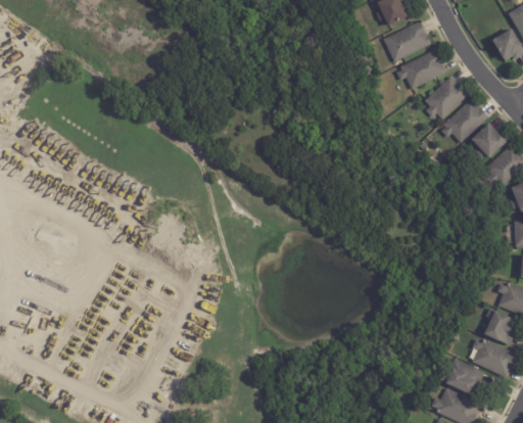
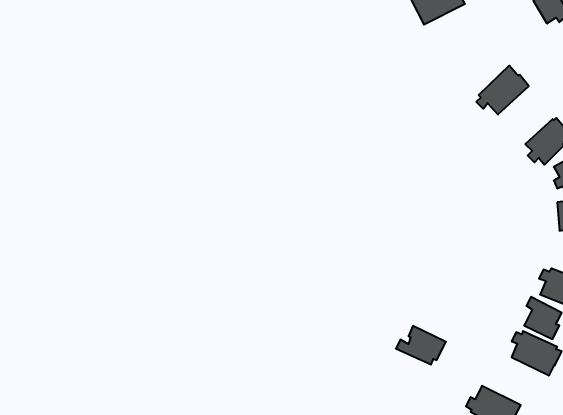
building: [395,51,445,89] -> none
building: [425,76,467,119] -> none
building: [471,125,509,160] -> none
building: [438,358,483,392] -> [396,326,446,365]

